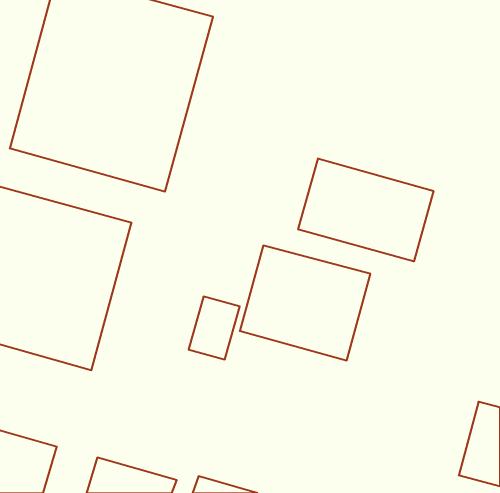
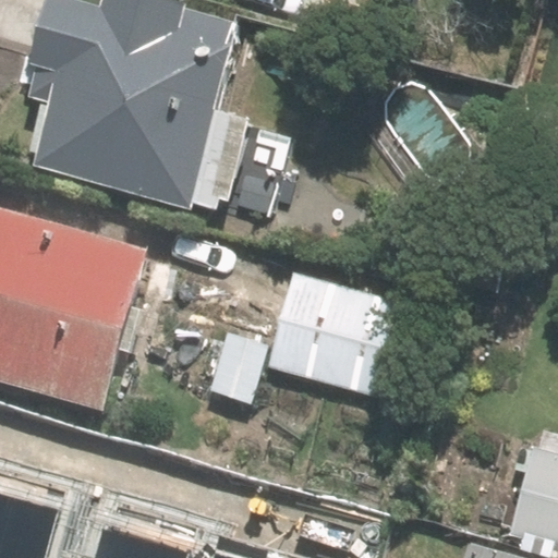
building: [298,158,433,261] -> none

